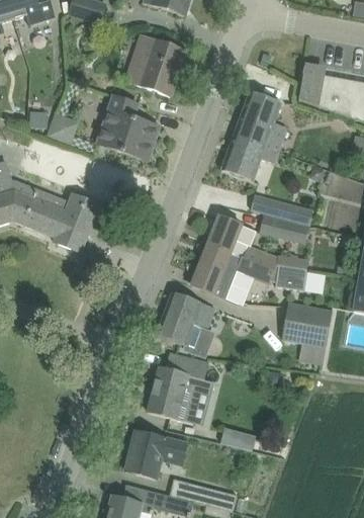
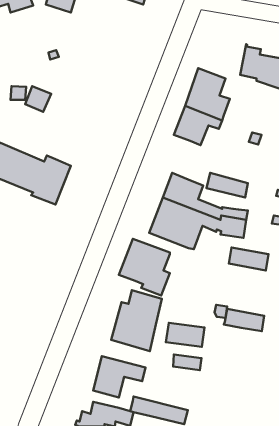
building: [124,33,186,95] -> none
building: [97,93,160,160] -> none
building: [250,193,312,226] -> none
building: [282,321,330,347] -> [224,309,264,331]
building: none -> [166,323,205,347]

